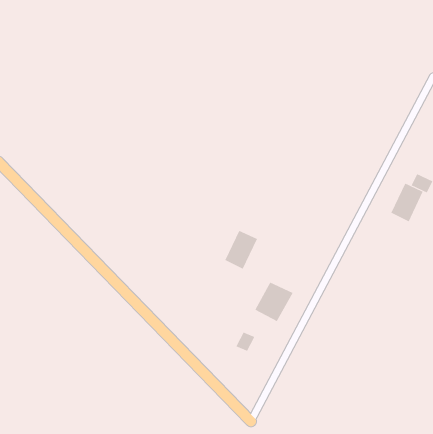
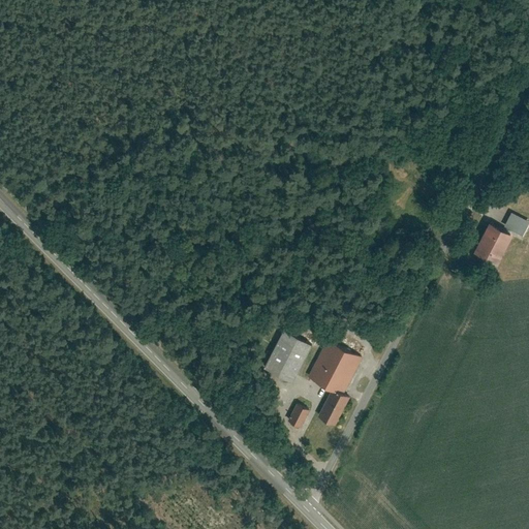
building: [225,230,258,269] -> [267,334,307,381]
building: none -> [315,391,345,426]

